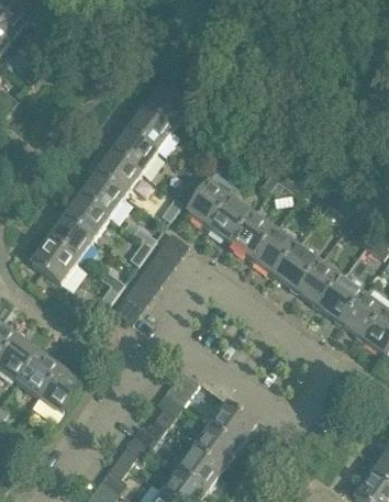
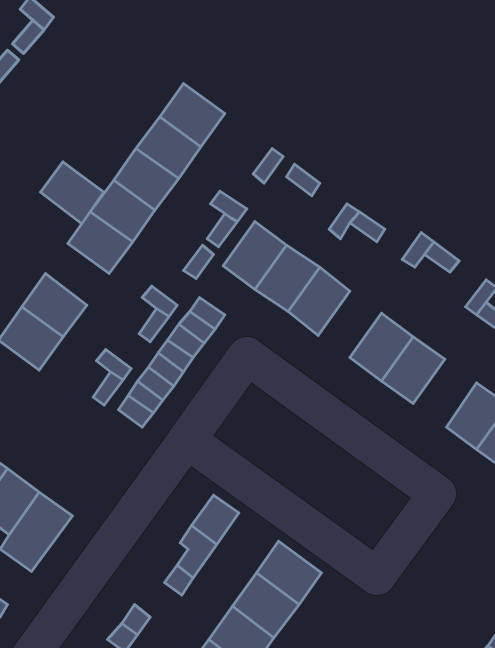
building: [64,194,108,237] -> [41,162,104,224]
building: [253,227,297,274] -> none
building: [319,275,363,322] -> none

